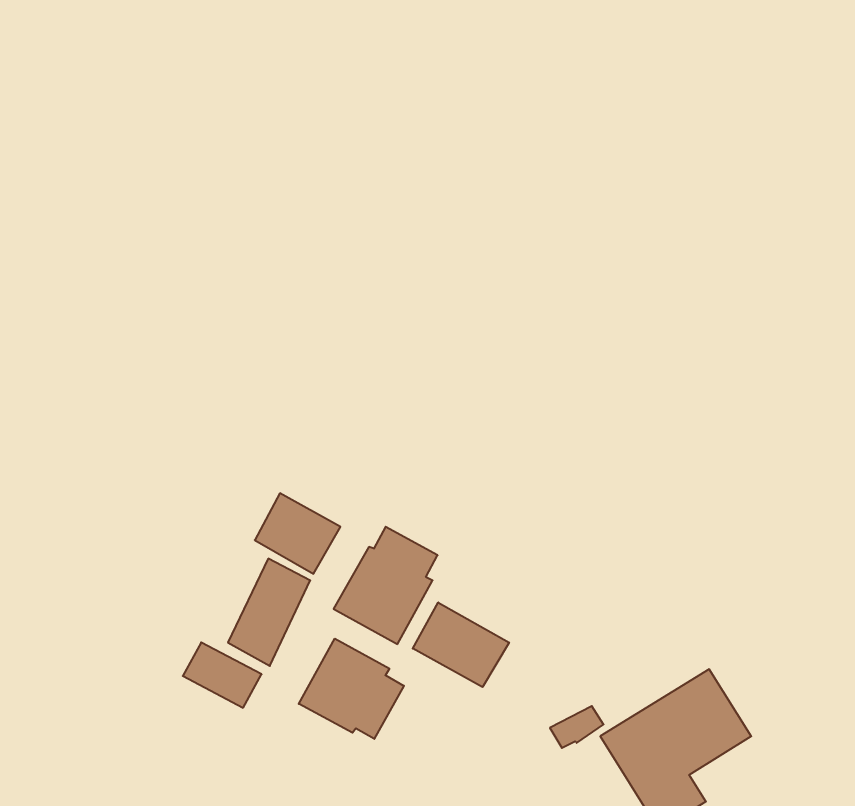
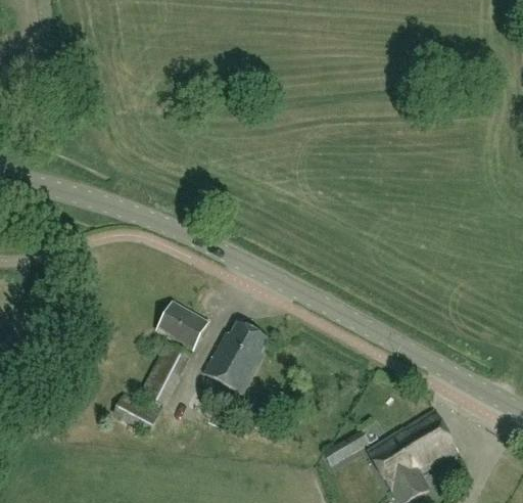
building: [413,602,509,687] -> none
building: [299,639,404,739] -> none

